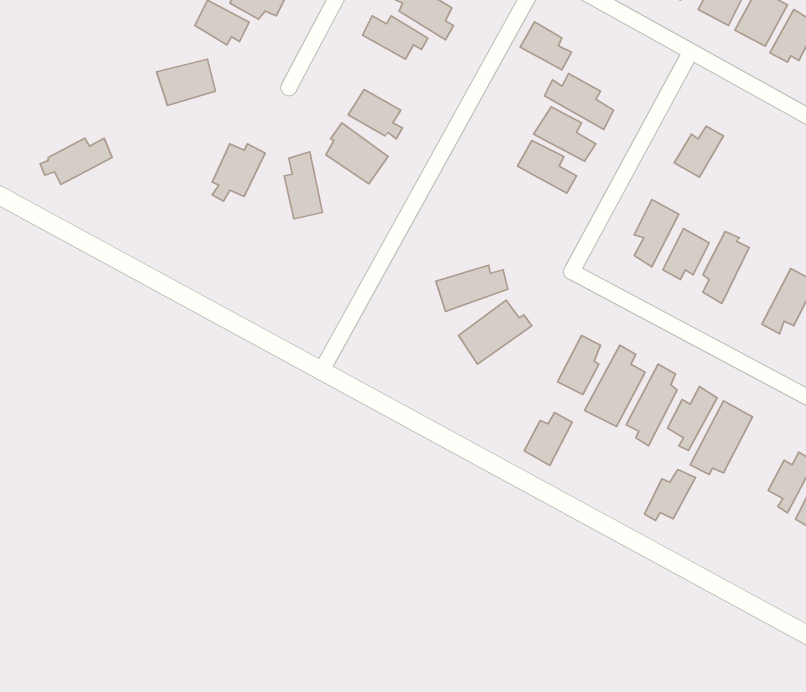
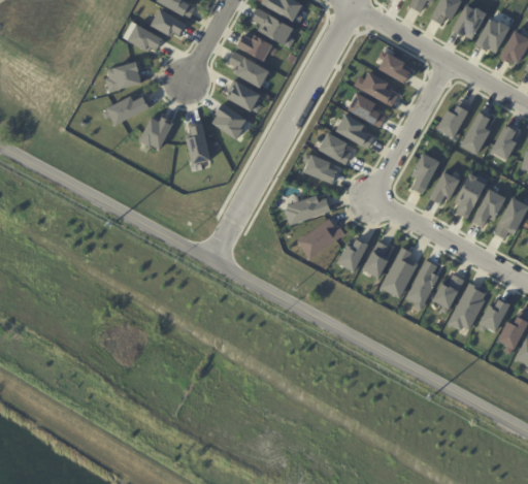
building: [520,22,571,70] -> [378,52,411,83]
building: none -> [232,56,270,87]
building: none -> [461,110,491,154]
building: [40,138,112,185] -> [102,95,148,125]
building: none -> [491,124,518,159]
building: none -> [318,131,352,164]
building: none -> [303,152,337,183]
building: none -> [471,188,506,227]
building: [524,413,572,465] -> [337,237,368,271]
building: [644,469,695,521] -> [477,298,510,331]

